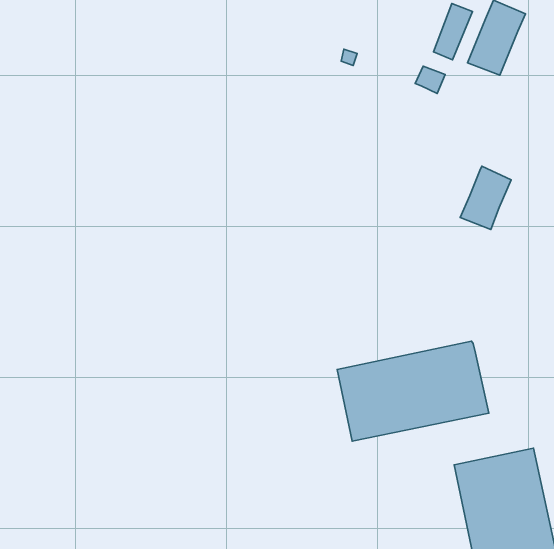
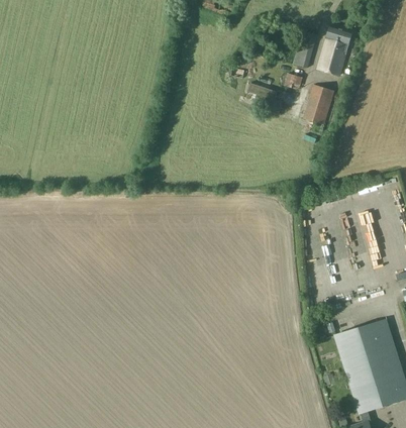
building: [460,166,511,229] -> [302,83,333,124]
building: [337,341,489,441] -> none

